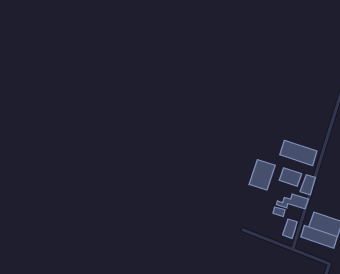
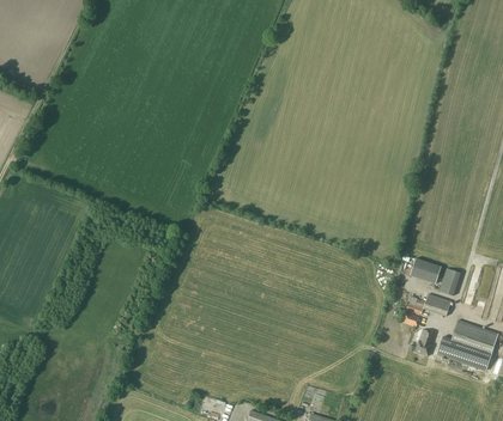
building: [280,140,317,166] -> none
building: [249,160,275,190] -> none

